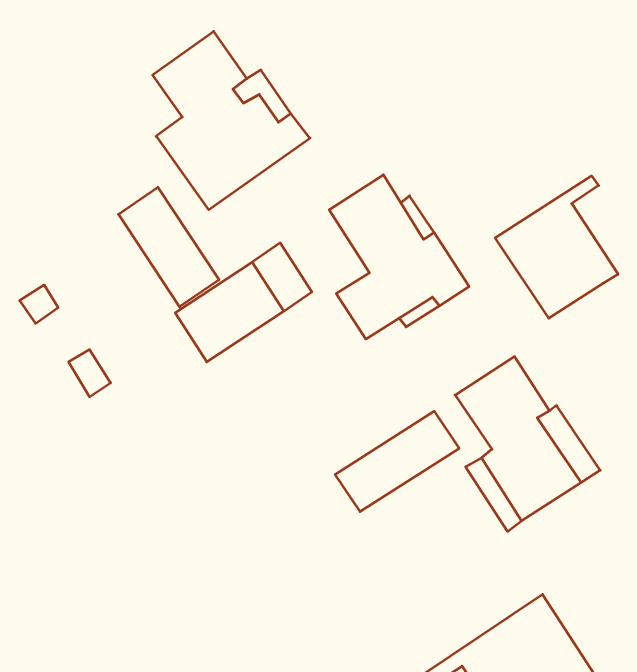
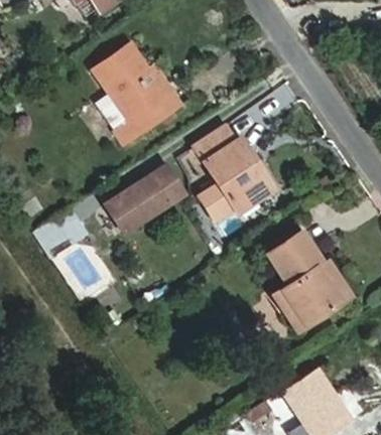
building: [495,176,618,318] -> none
building: [118,187,219,307] -> none
building: [335,411,459,512] -> none

